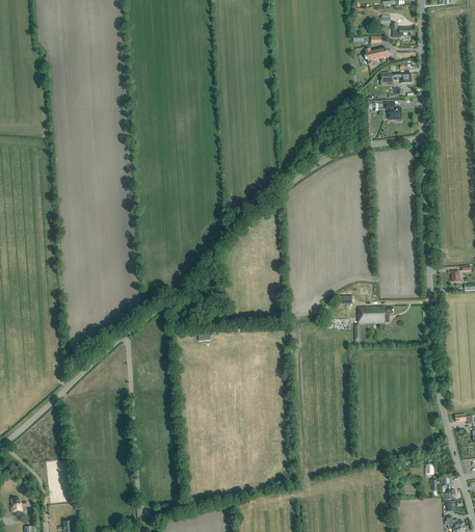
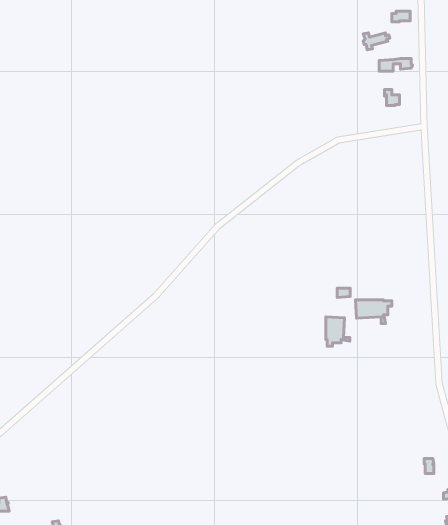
building: none -> [326,317,350,346]

